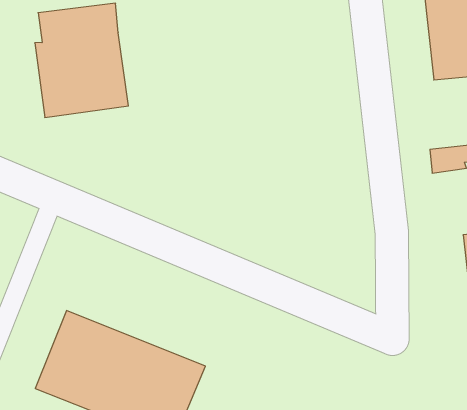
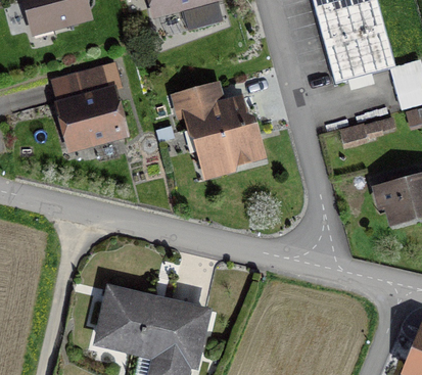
building: none -> [175,81,263,179]

